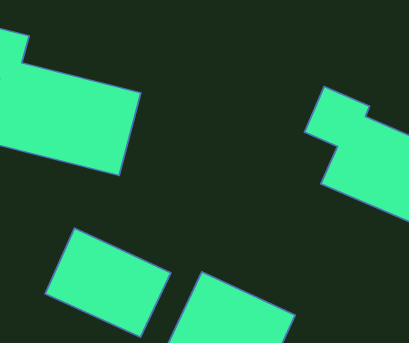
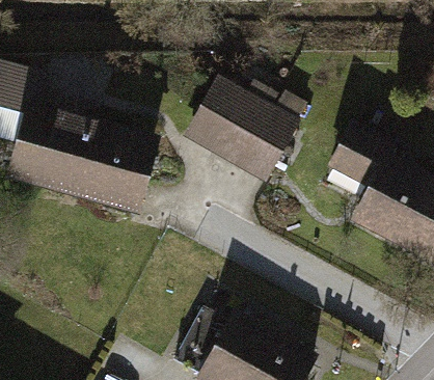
building: none -> [179,77,294,184]
building: [45,228,171,337] -> none

